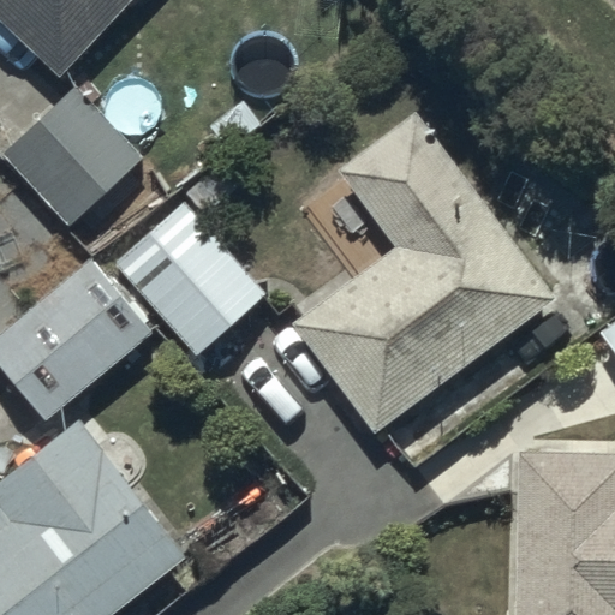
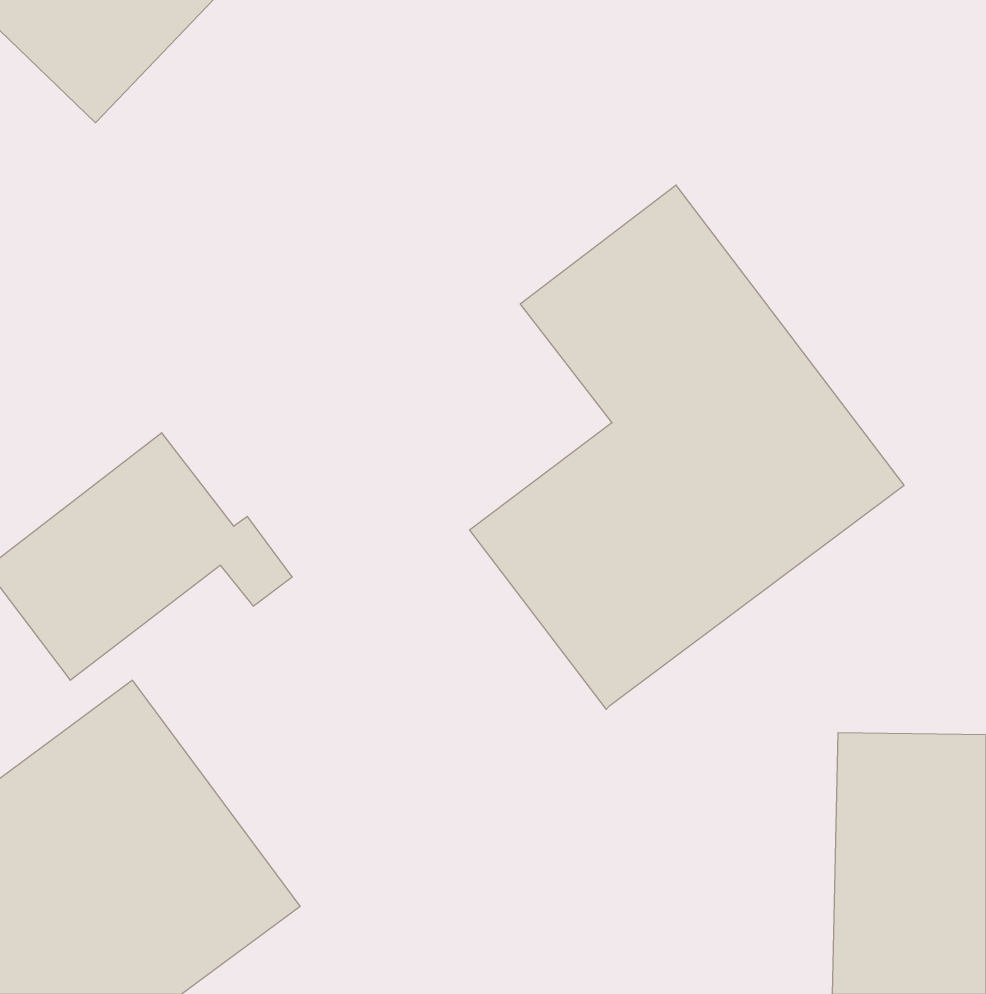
building: [17,83,142,209] -> none
building: [112,199,265,353] -> none

